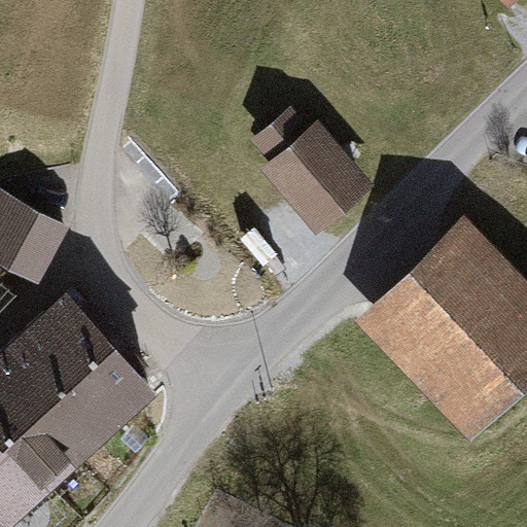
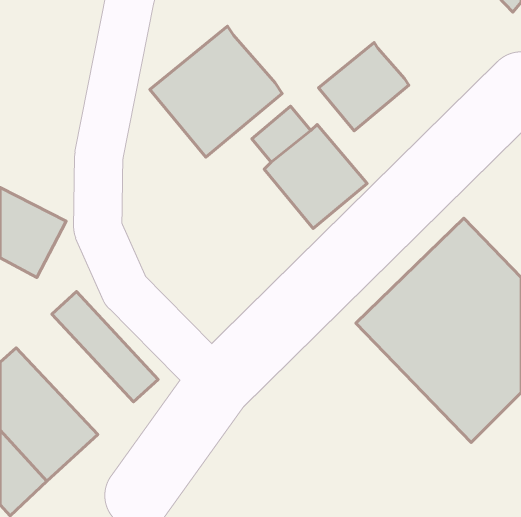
building: none -> [150,26,282,157]
building: none -> [319,42,409,131]
building: [16,317,135,438] -> none

